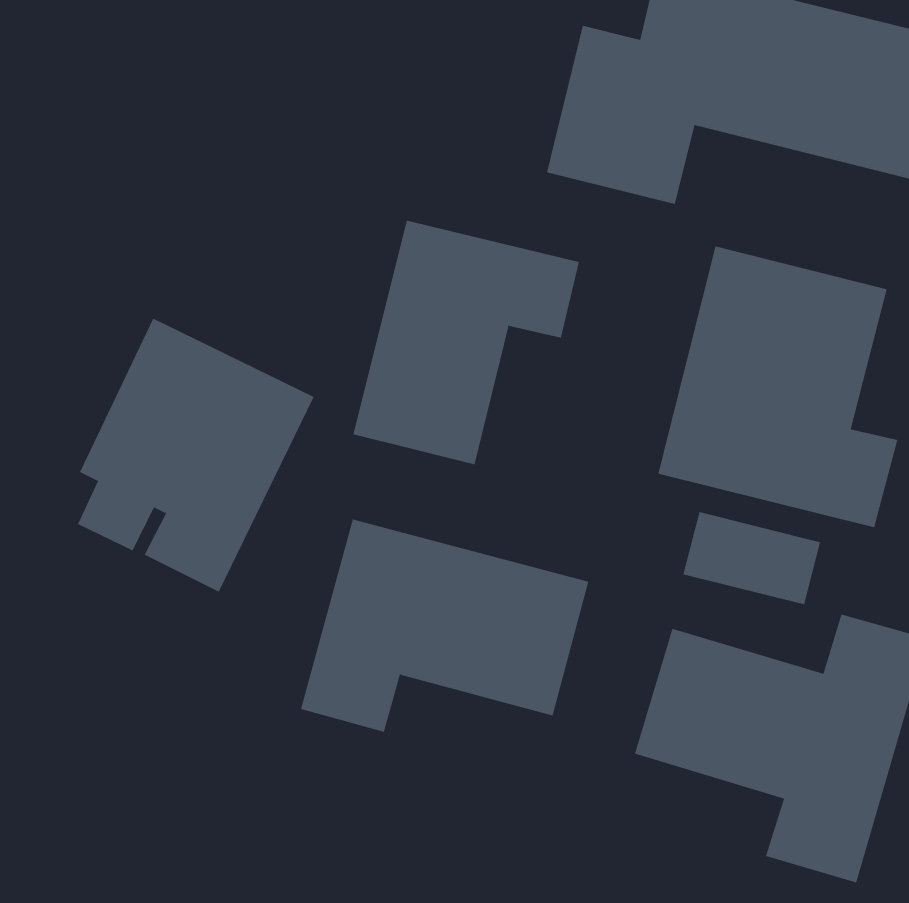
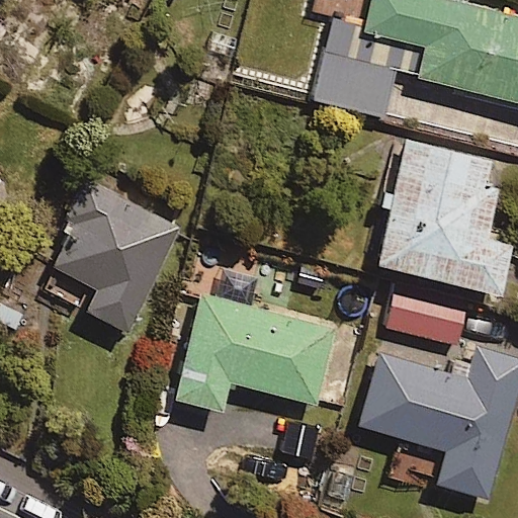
building: [353,220,580,465] -> none

